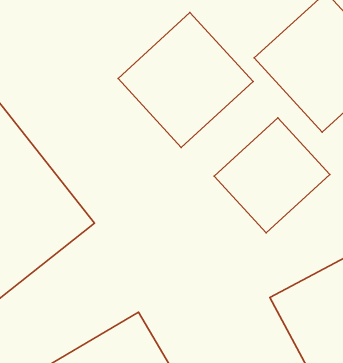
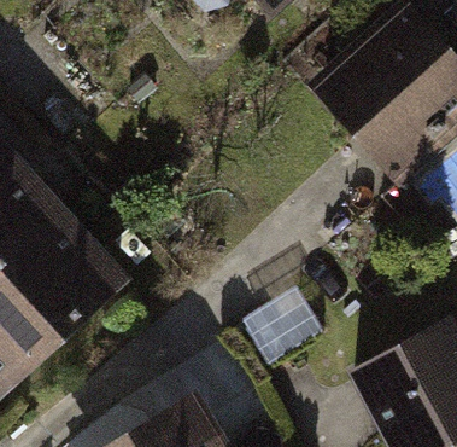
building: [118,12,253,148] -> none
building: [214,118,330,233] -> none

